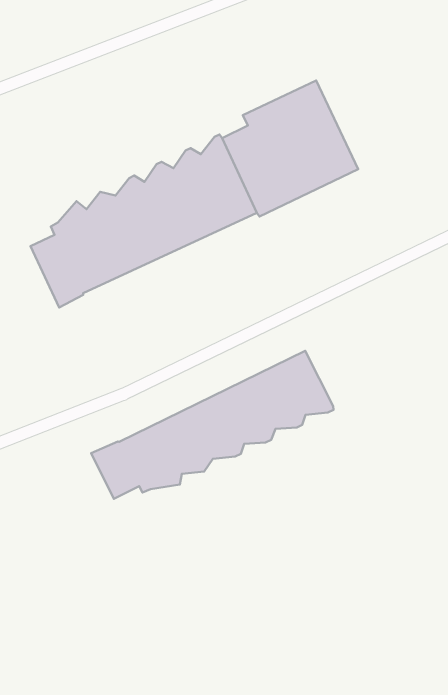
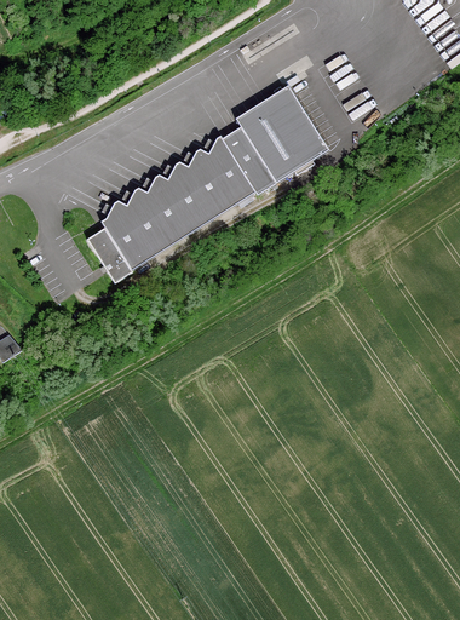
building: [91,351,334,499] -> none

